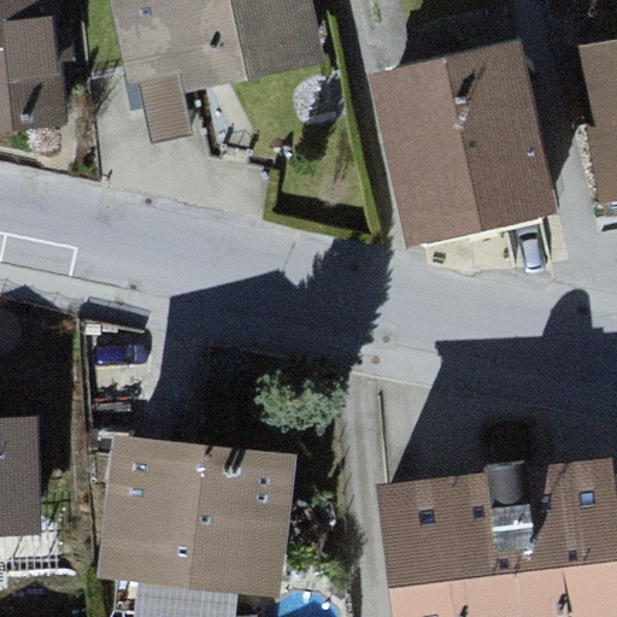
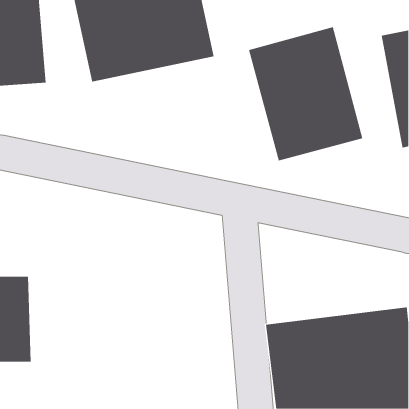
building: [99,435,294,601] -> none

